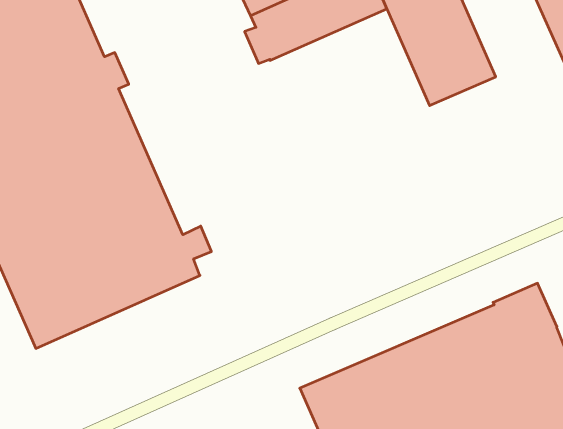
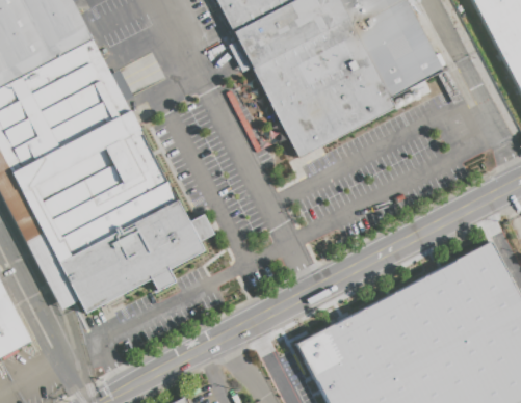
building: none -> [252,19,394,158]

